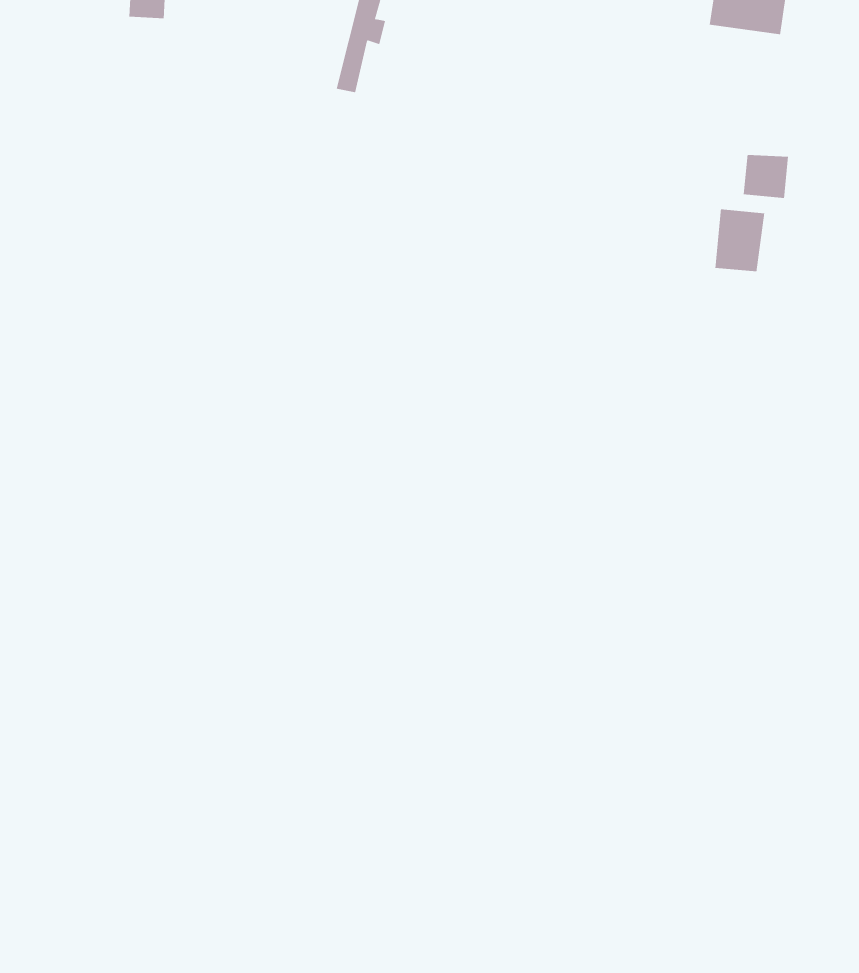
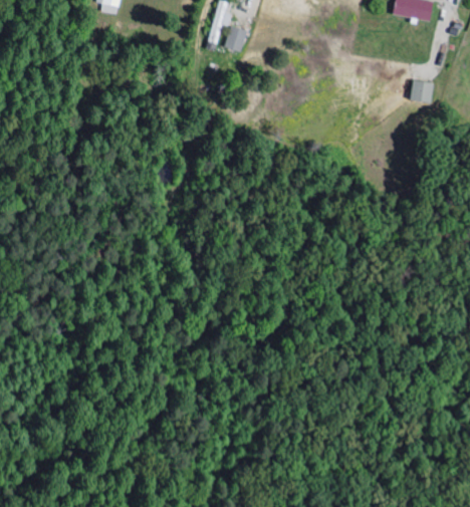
building: none -> [223,24,248,52]
building: [715,209,765,272] -> none

